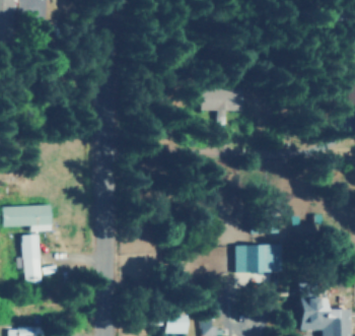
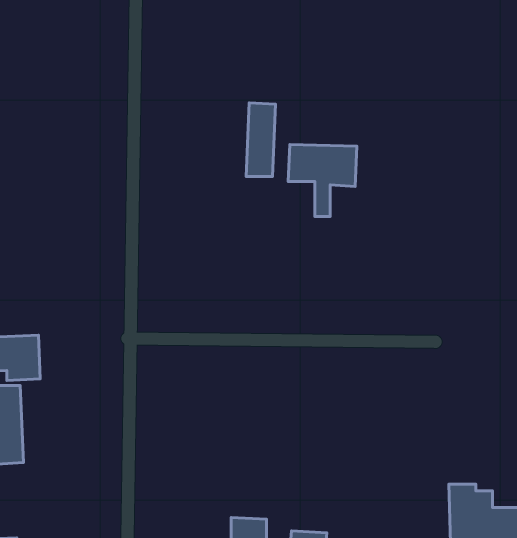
building: none -> [246,103,276,177]
building: [235,244,283,272] -> none

